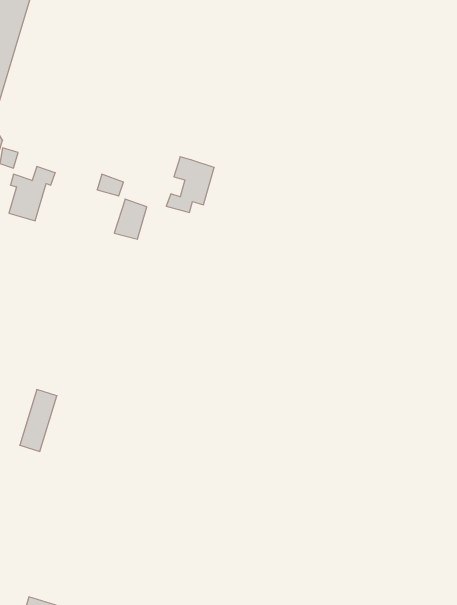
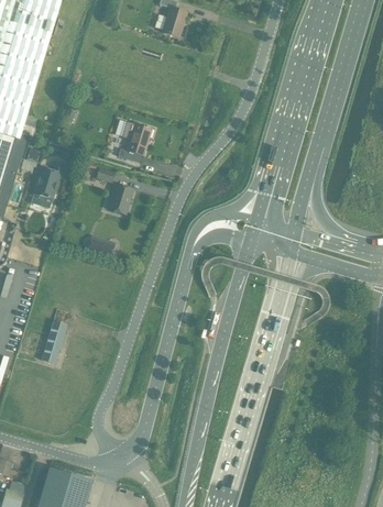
building: [166,157,214,212] -> [114,122,149,162]

